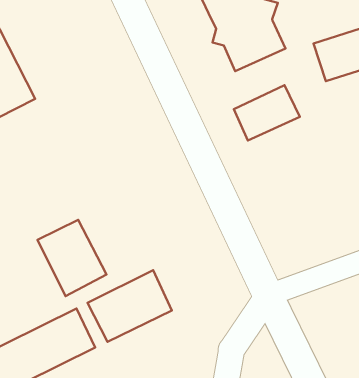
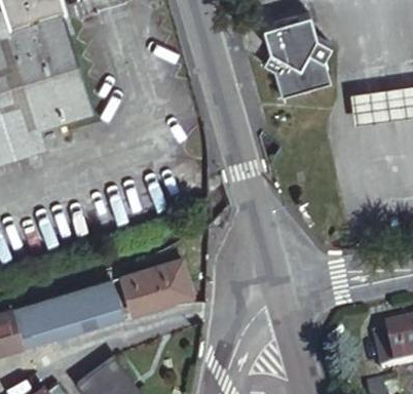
building: [234,85,300,141] -> none
building: [38,220,106,296] -> none

